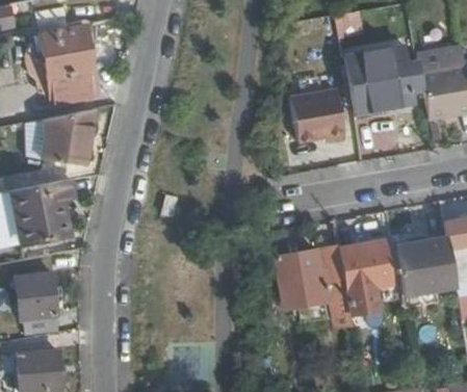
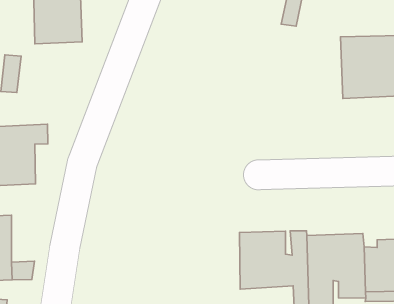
building: [288,88,344,142] -> none
building: [50,116,94,164] -> none

